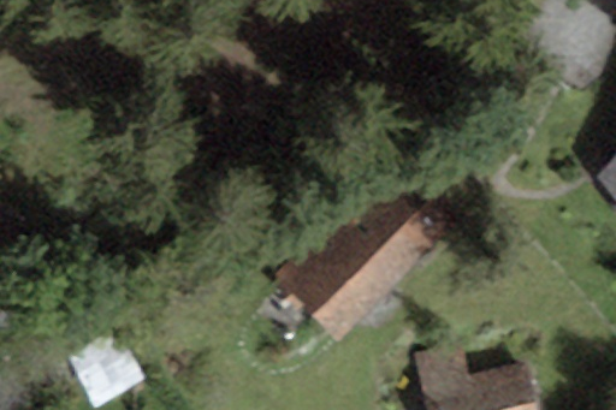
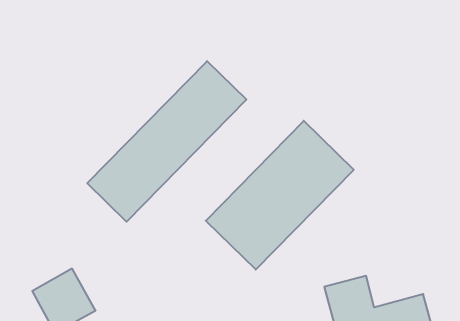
building: none -> [87,61,246,222]

